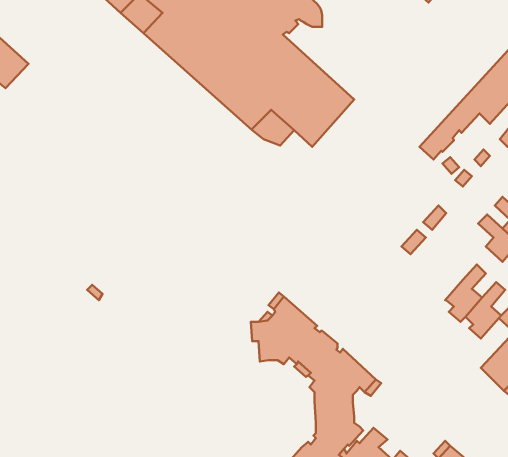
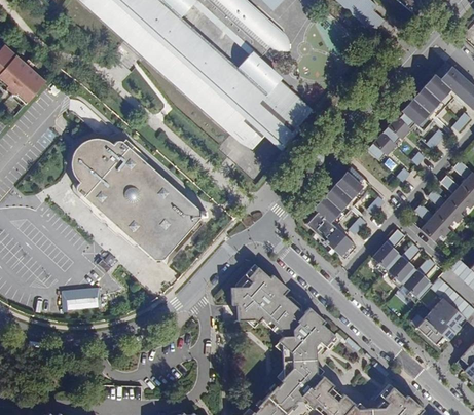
building: none -> [78,139,210,261]
building: none -> [305,165,371,259]
building: none -> [371,228,404,274]
building: none -> [62,286,103,310]

